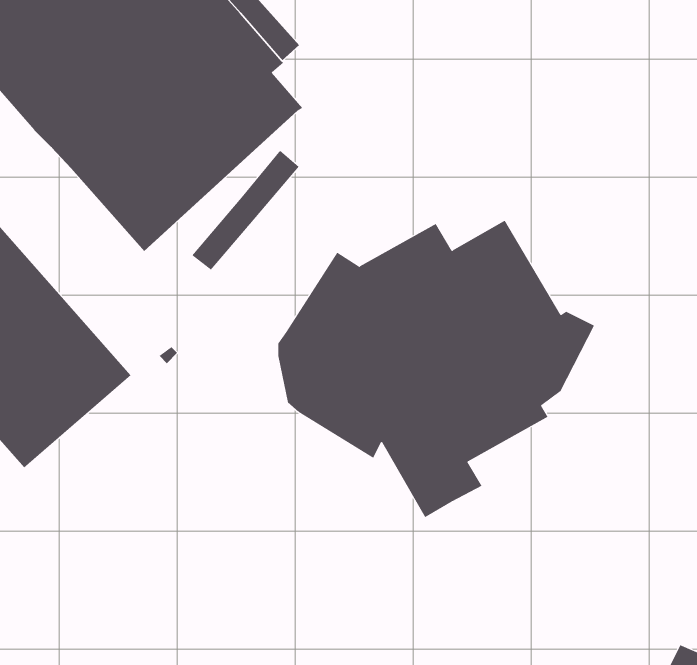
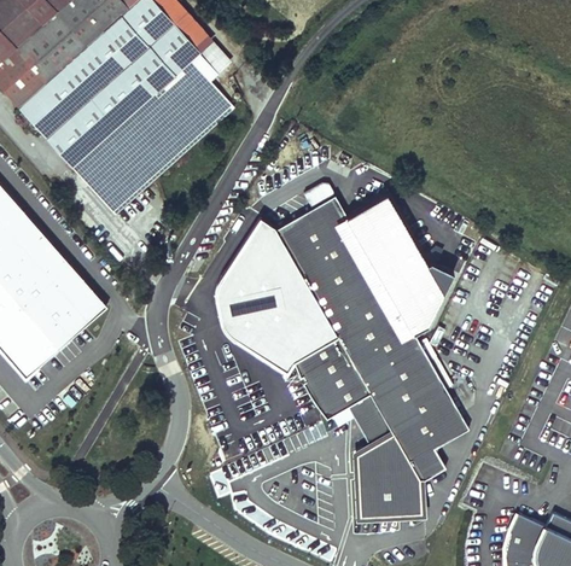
building: [192,150,299,271] -> none
building: none -> [346,342,468,517]

